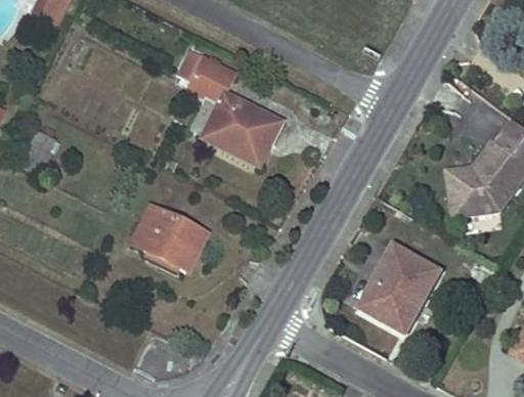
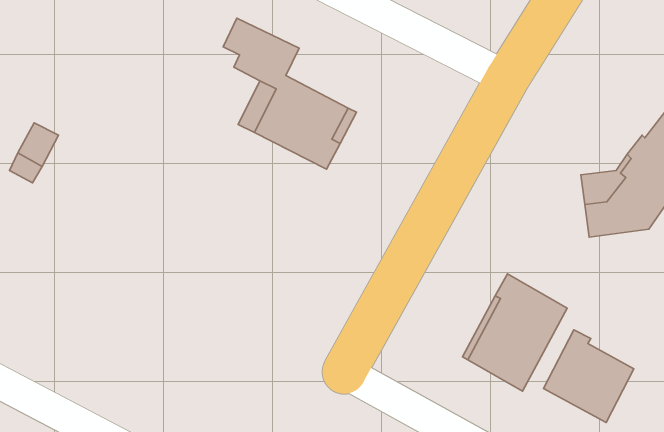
building: [134,207,206,270] -> none
building: none -> [543,330,634,422]

